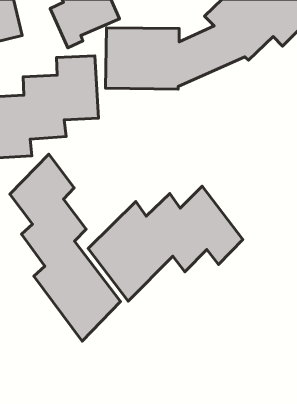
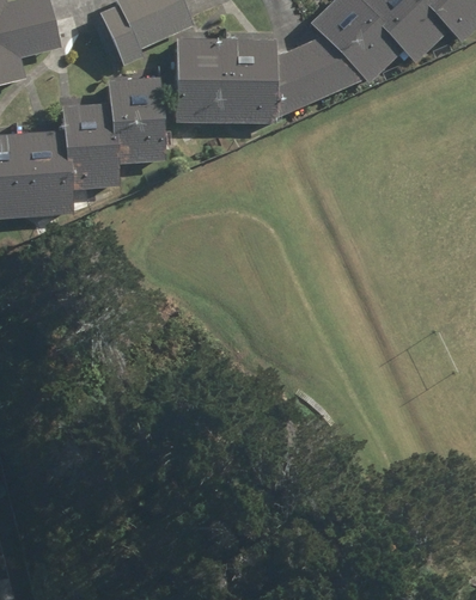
building: [10,154,120,341] -> none
building: [88,186,243,301] -> none

